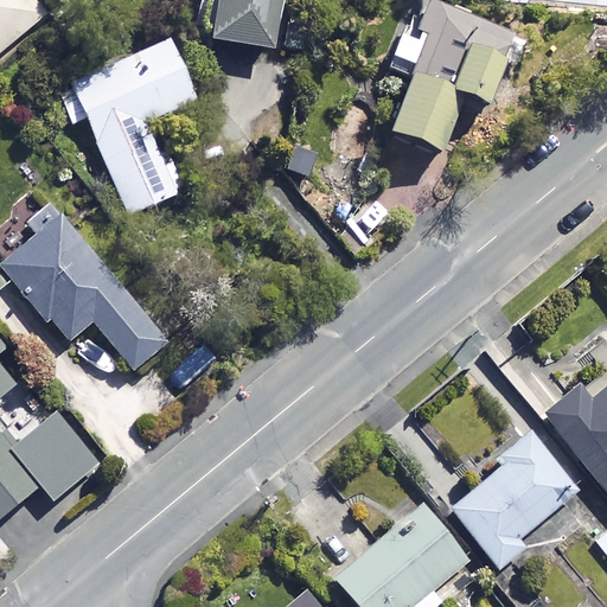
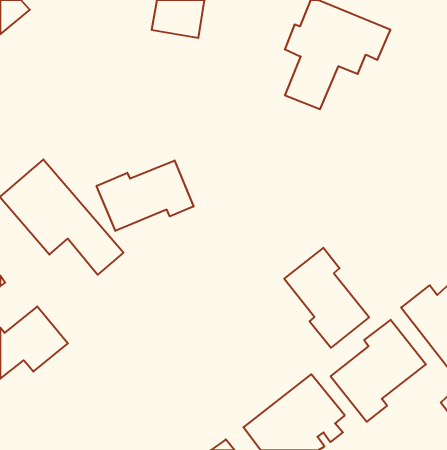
building: [72,40,194,215] -> none
building: none -> [97,160,194,231]
building: none -> [284,248,369,348]

